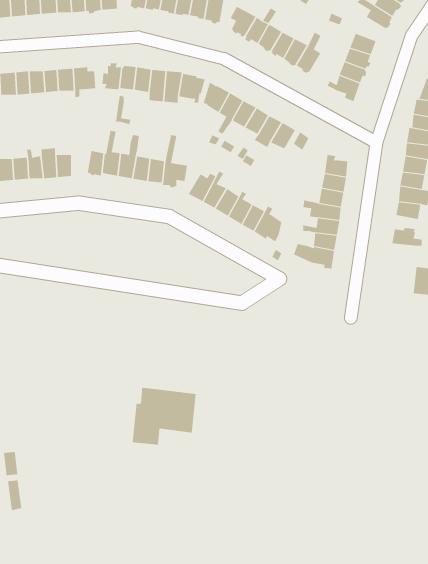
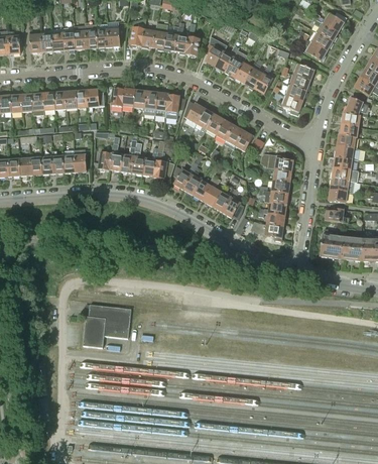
building: none -> [321,227,344,257]
building: [132,387,197,445] -> [83,303,131,346]

